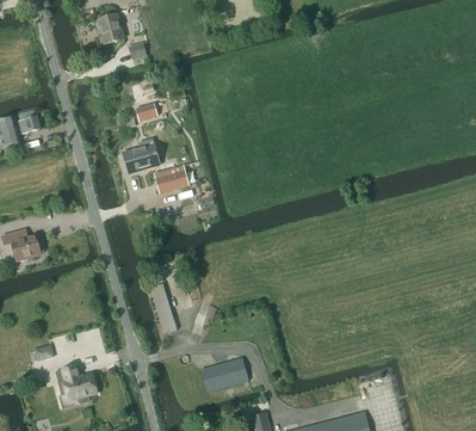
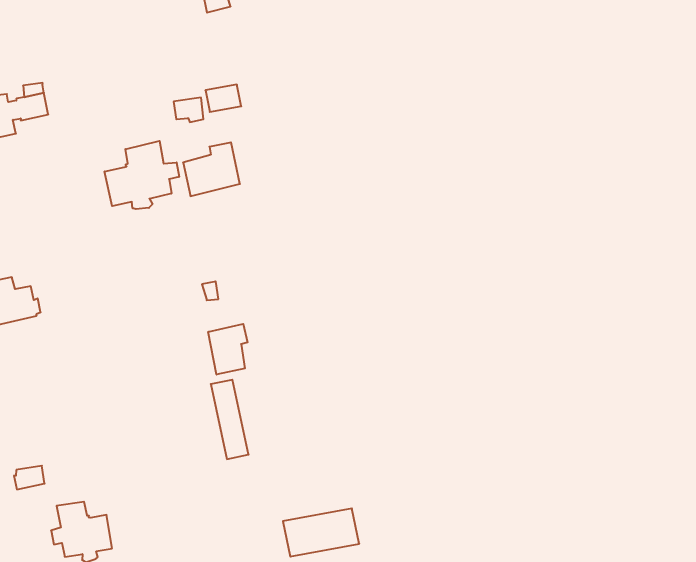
building: none -> [105,141,179,209]
building: [154,165,188,193] -> none
building: none -> [208,324,248,375]

